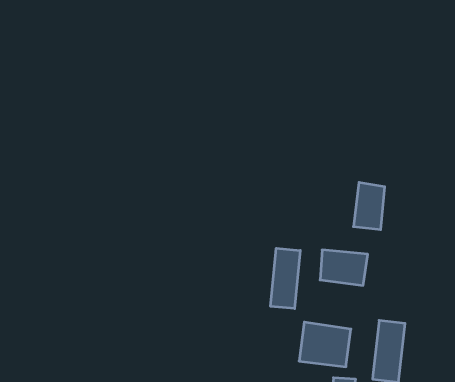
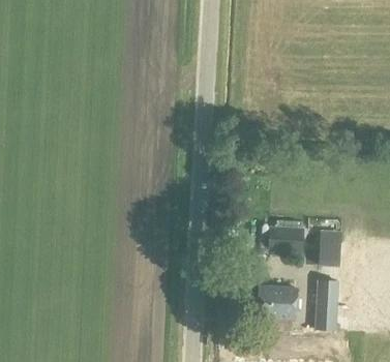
building: [353,182,385,230] -> [318,228,340,264]
building: [271,248,300,309] -> none

